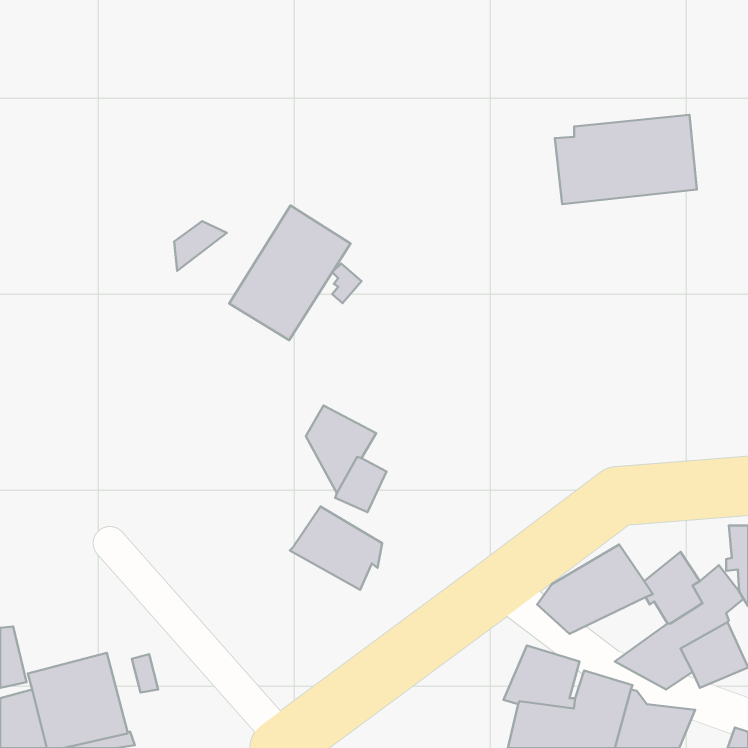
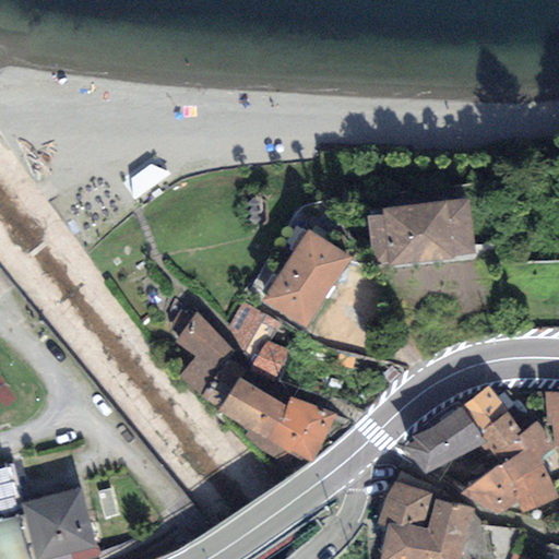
building: [555,115,697,204] -> [368,199,474,265]
building: [229,206,351,340] -> [261,229,352,330]
building: none -> [174,313,246,408]
building: none -> [462,385,508,433]
building: none -> [269,397,336,463]

